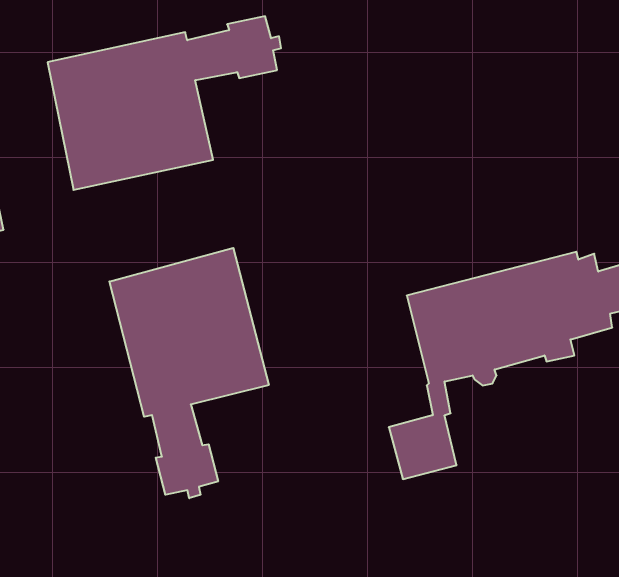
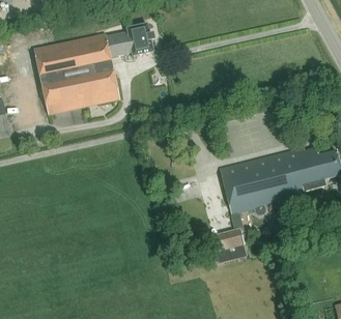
building: [109,248,269,498] -> none

